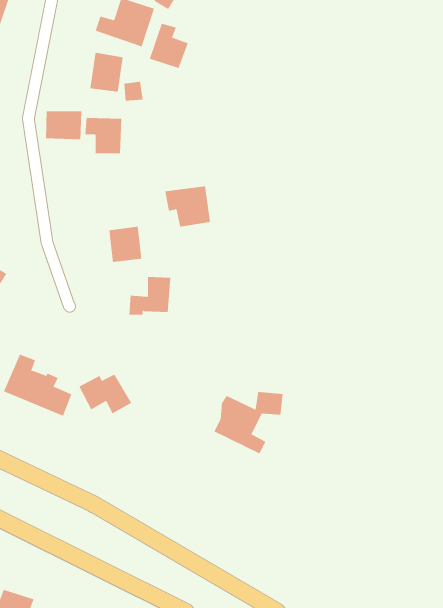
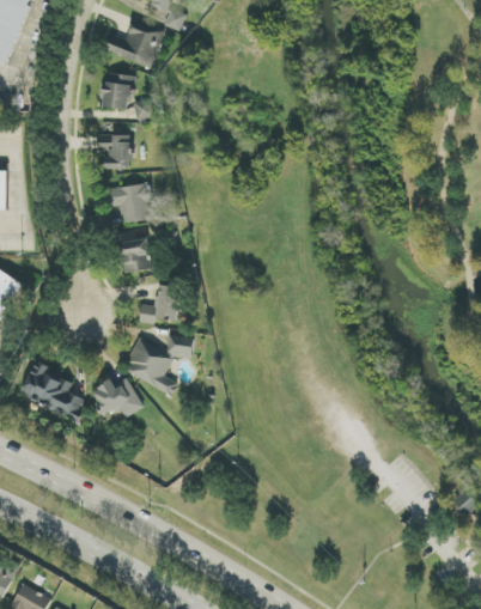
building: [149,23,188,69] -> none
building: [46,111,82,140] -> none
building: [165,186,211,227] -> [108,182,152,221]
building: [214,391,284,454] -> [126,334,193,394]

